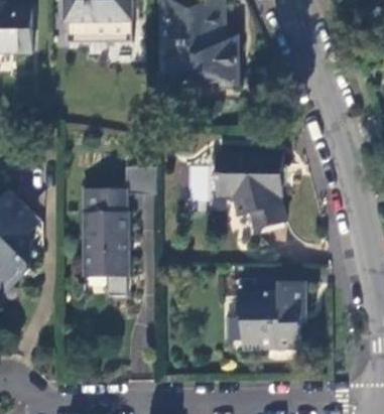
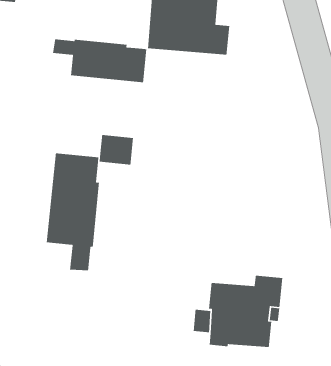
building: none -> [52,39,147,83]
building: [218,152,284,227] -> none

